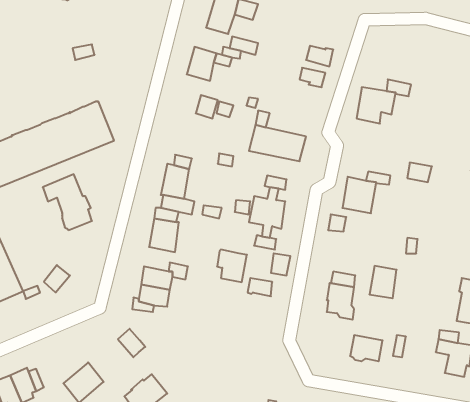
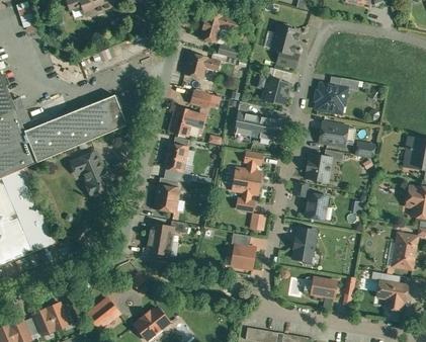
building: none -> [272,24,299,54]
building: none -> [265,76,290,103]
building: none -> [170,106,205,135]
building: none -> [320,121,348,146]
building: [217,250,247,282] -> [233,243,256,268]
building: [369,266,397,298] -> [306,193,327,219]

